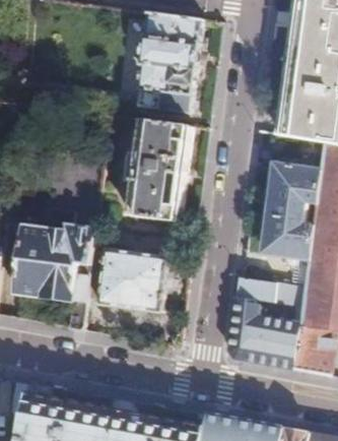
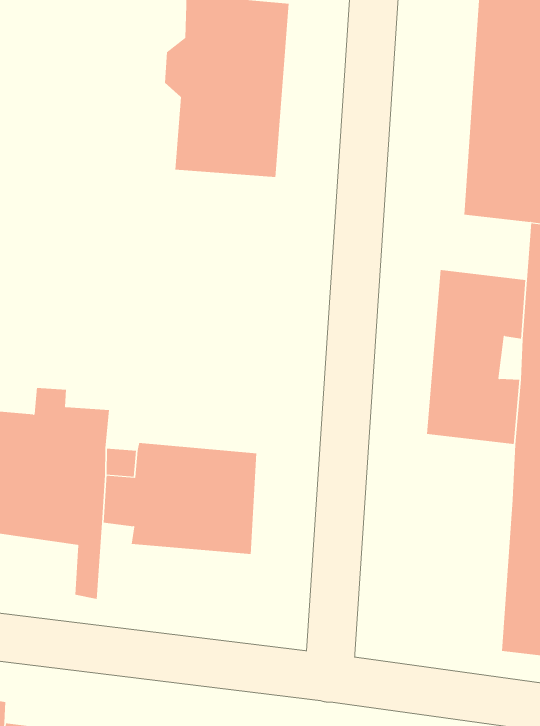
building: [127,119,190,218] -> none
building: [226,276,303,369] -> none

